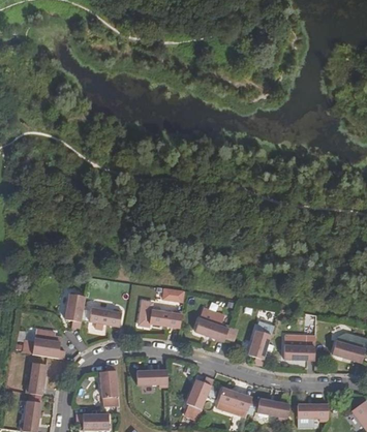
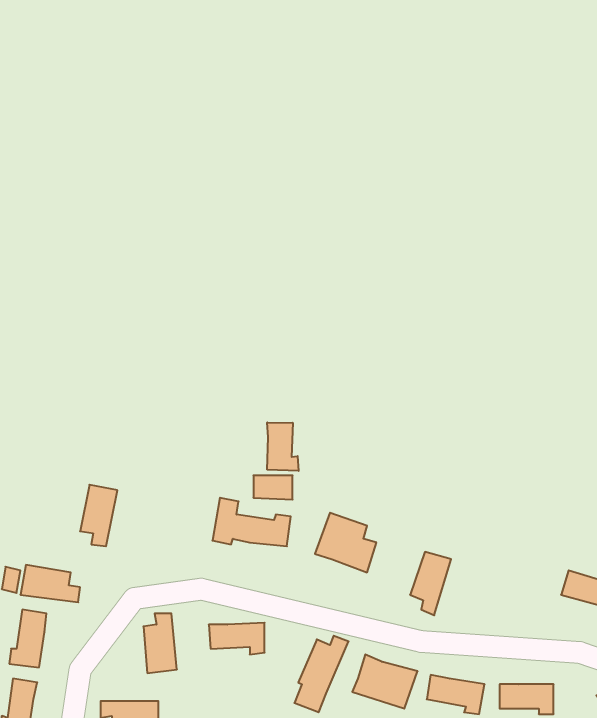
building: none -> [267,422,299,471]
building: [89,307,122,326] -> none
building: [284,342,315,359] -> none

